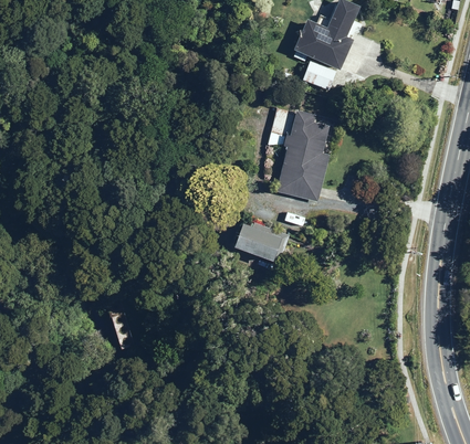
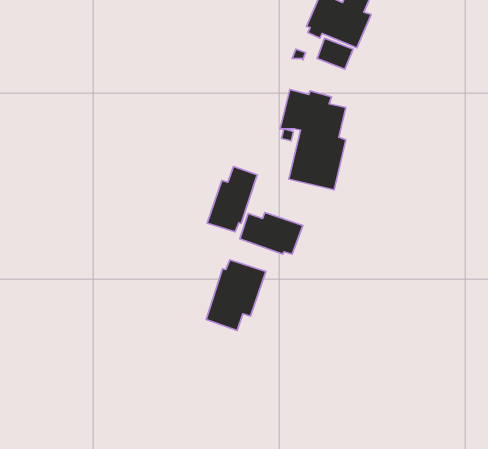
building: none -> [207,166,257,232]
building: none -> [206,260,266,330]

